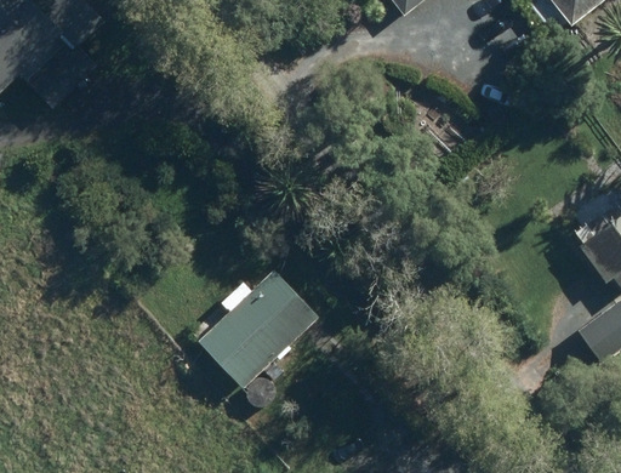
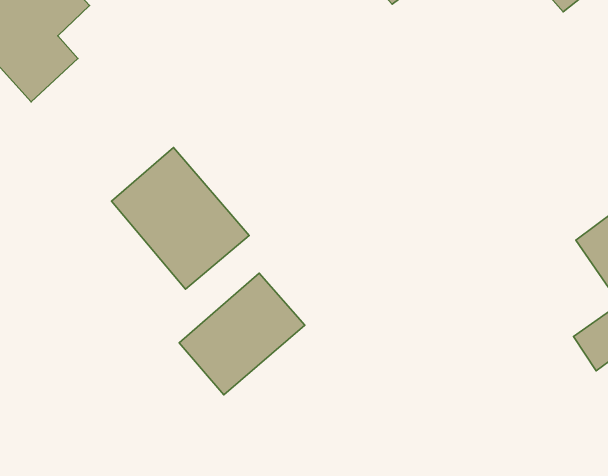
building: none -> [111,147,249,289]

